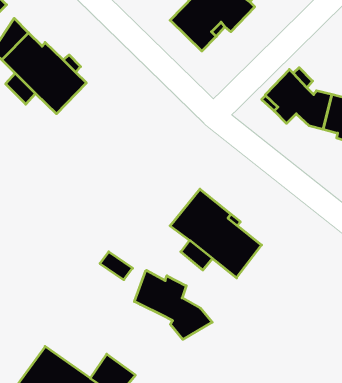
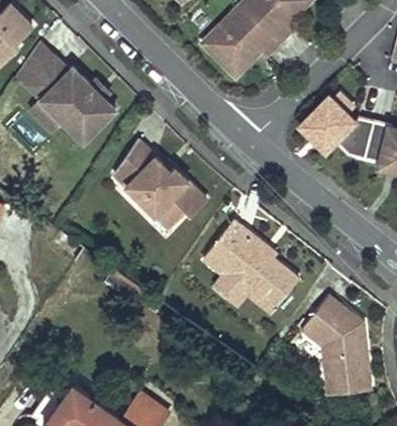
building: none -> [114,140,206,227]
building: none -> [300,294,370,394]
building: [134,270,212,339] -> none

